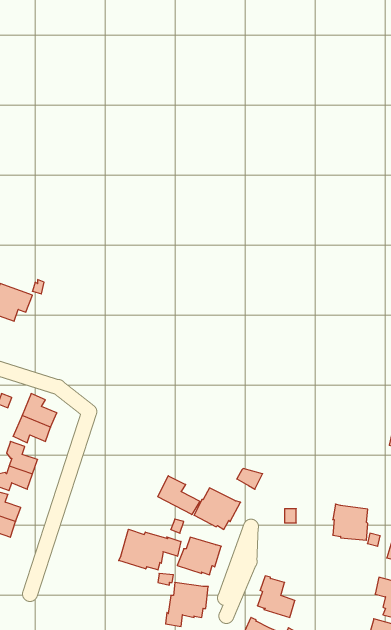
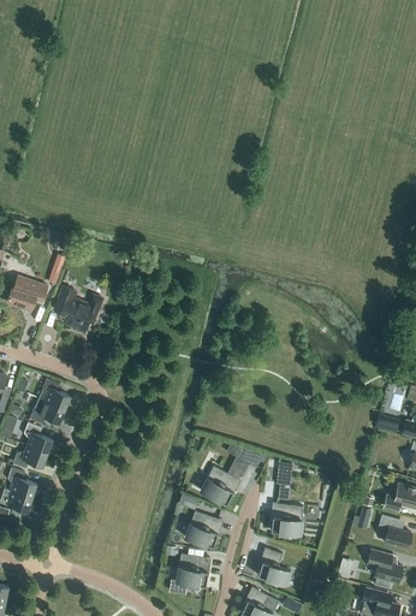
building: none -> [57,286,103,331]
building: [158,476,200,515] -> none
building: [333,504,368,540] -> [271,502,303,535]
building: [119,529,181,570] -> none

